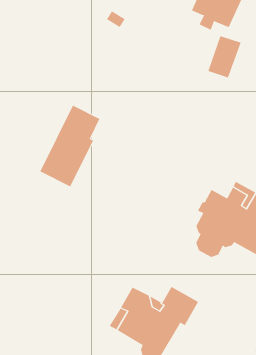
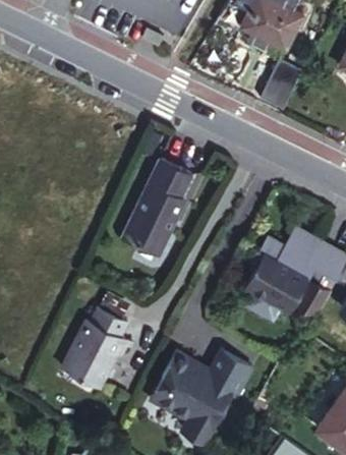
building: [39,105,100,187] -> [120,159,191,255]
building: none -> [58,307,125,385]

